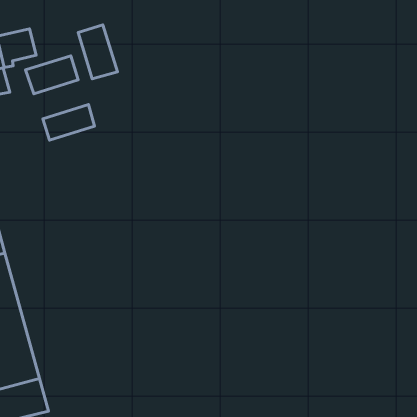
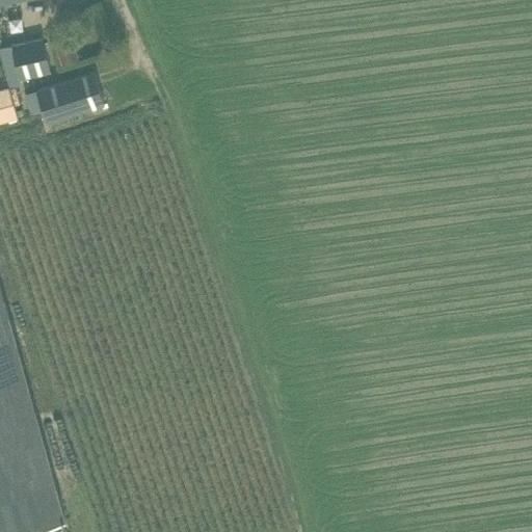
building: [78,25,118,79] -> none
building: [43,104,95,140] -> none

